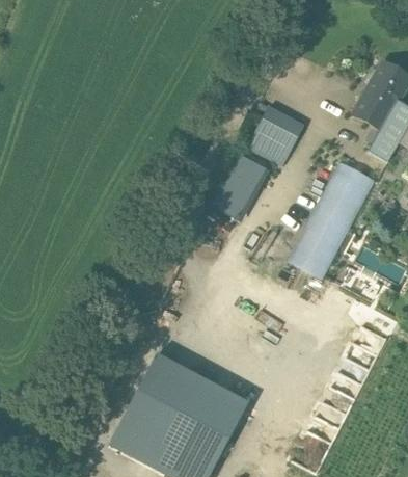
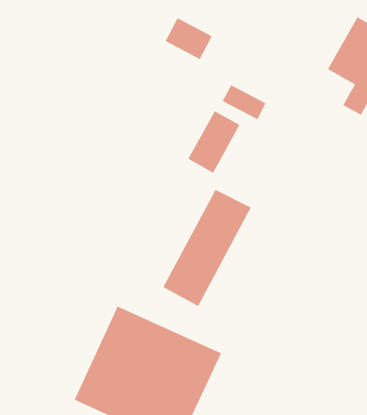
building: [257,105,305,148] -> [165,17,212,60]
building: [288,160,377,279] -> [162,189,251,307]

